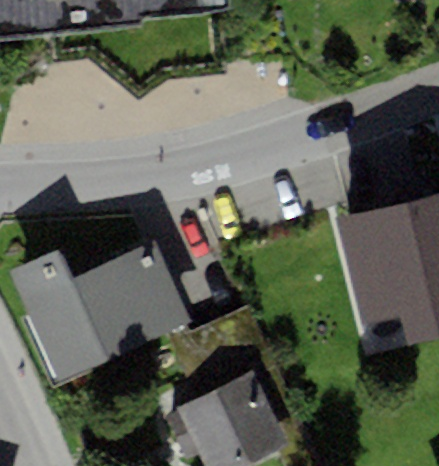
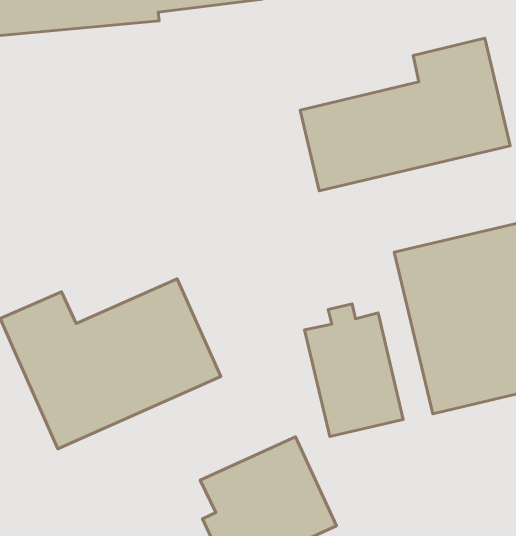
building: none -> [300,38,510,191]
building: none -> [305,304,403,437]

